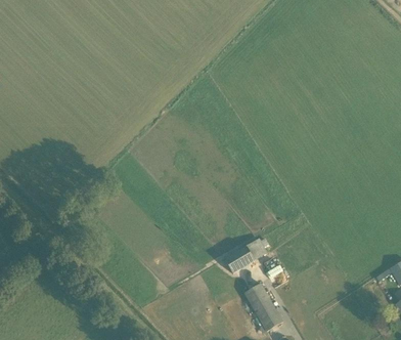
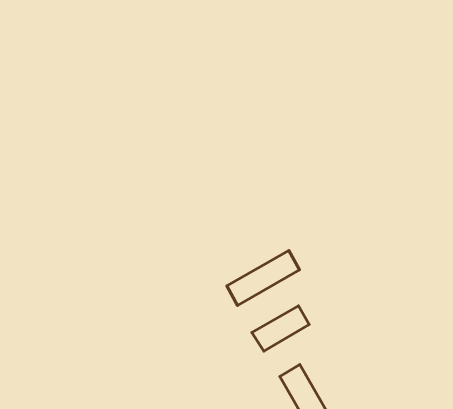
building: none -> [227,250,300,305]

